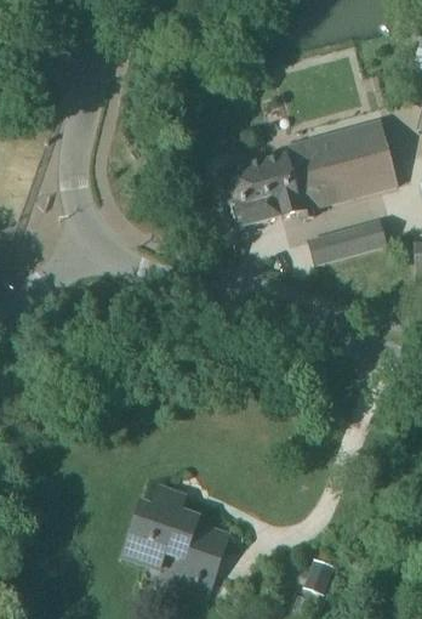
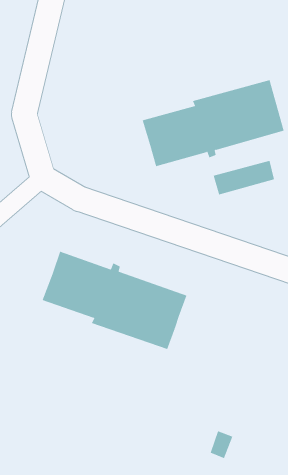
building: none -> [42,251,187,350]
building: [122,485,228,592] -> none

